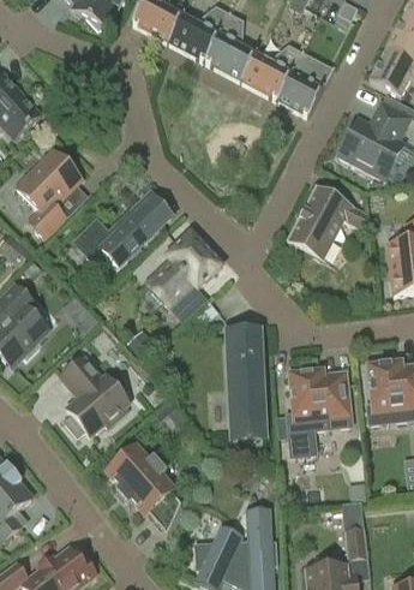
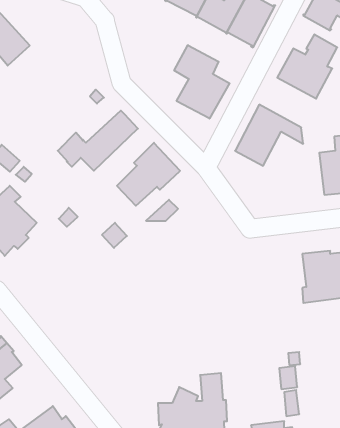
building: none -> [174,45,230,119]
building: [16,149,82,237] -> none
building: [228,330,262,425] -> none
building: [60,356,128,436] -> none
building: [286,366,352,457] -> none
building: [106,445,180,534] -> none

